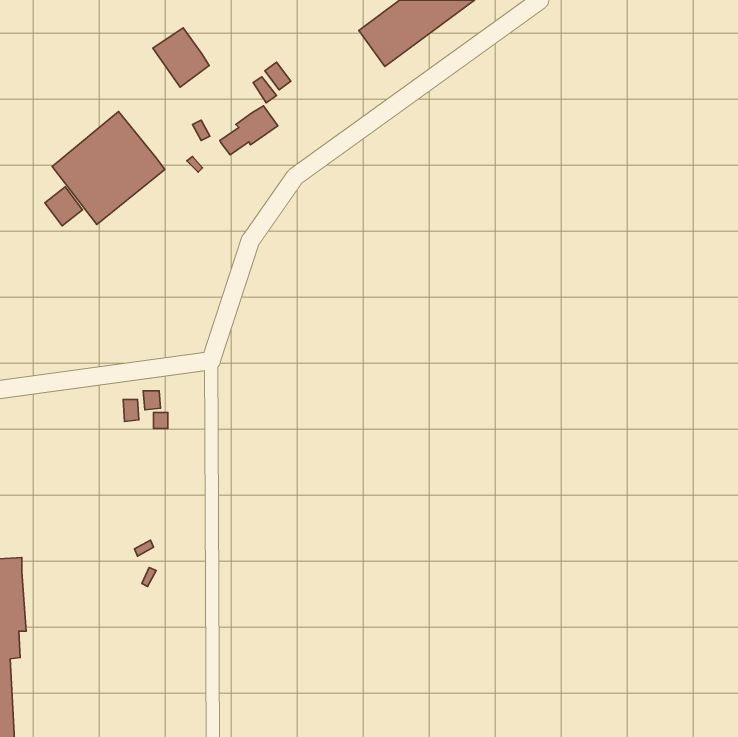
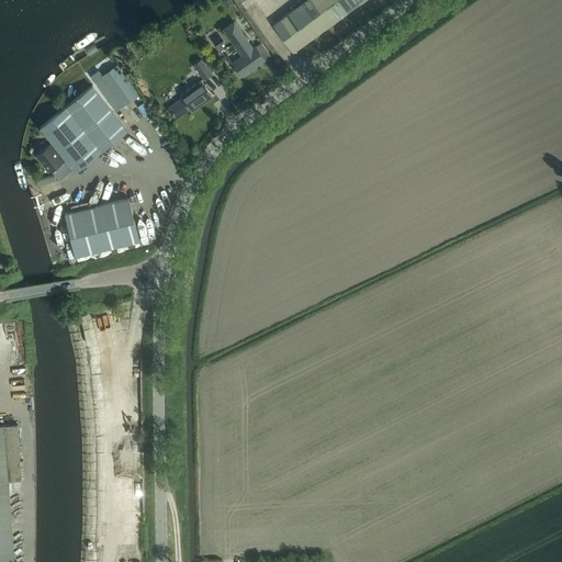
building: none -> [222,23,269,77]
building: [153,28,209,87] -> [93,67,136,112]
building: none -> [64,196,138,256]

